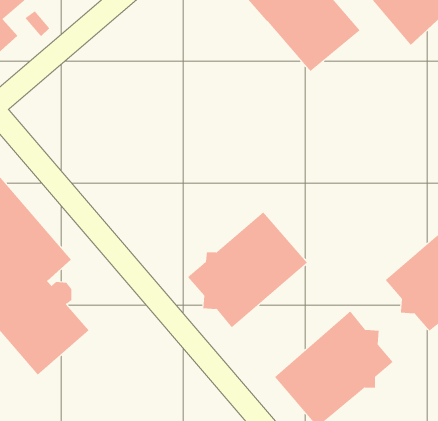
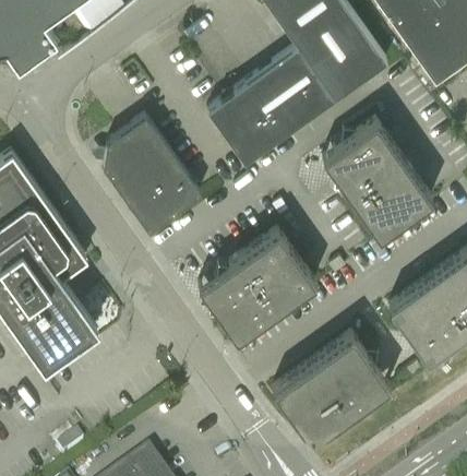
building: none -> [207,48,335,166]
building: none -> [322,122,432,240]
building: none -> [103,119,201,234]

